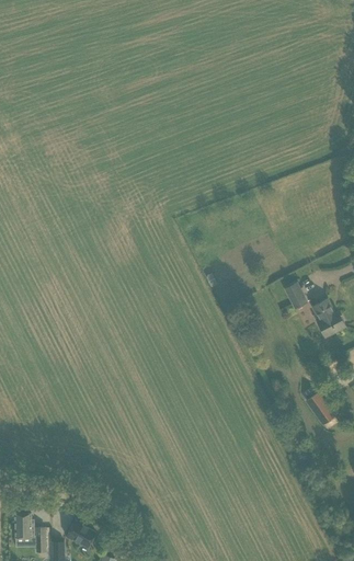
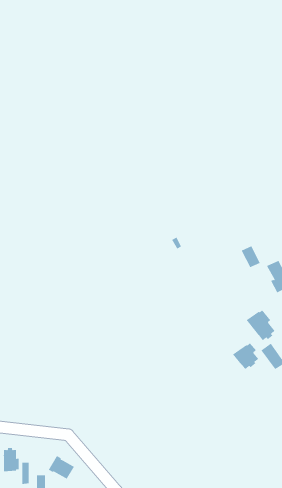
building: none -> [246,309,275,341]
building: none -> [232,343,259,370]

